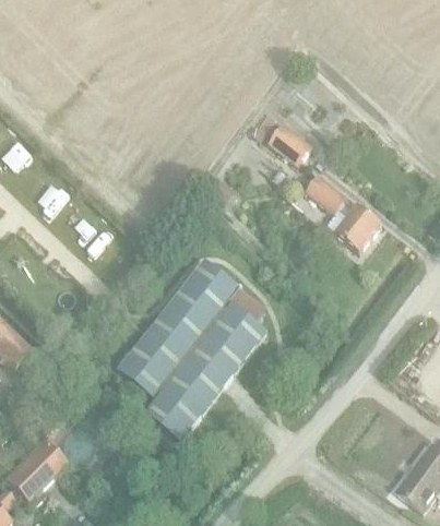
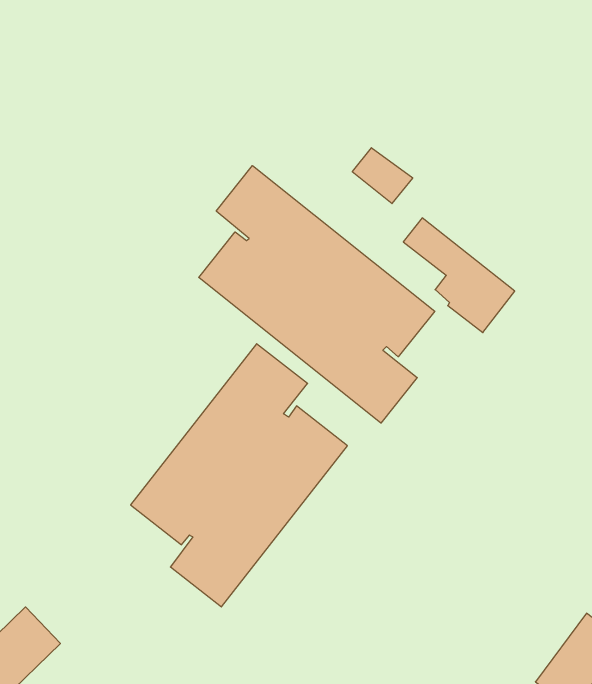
building: none -> [199,166,435,423]

